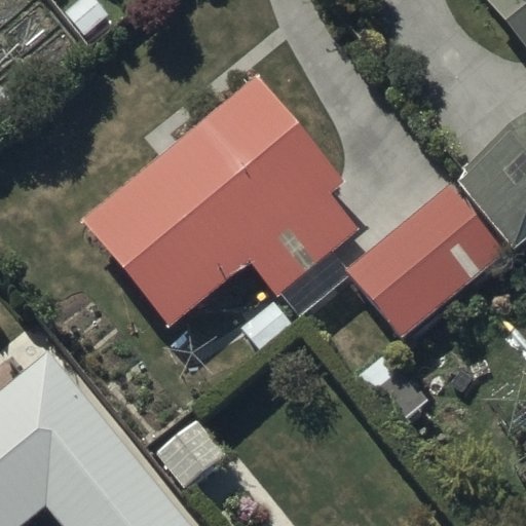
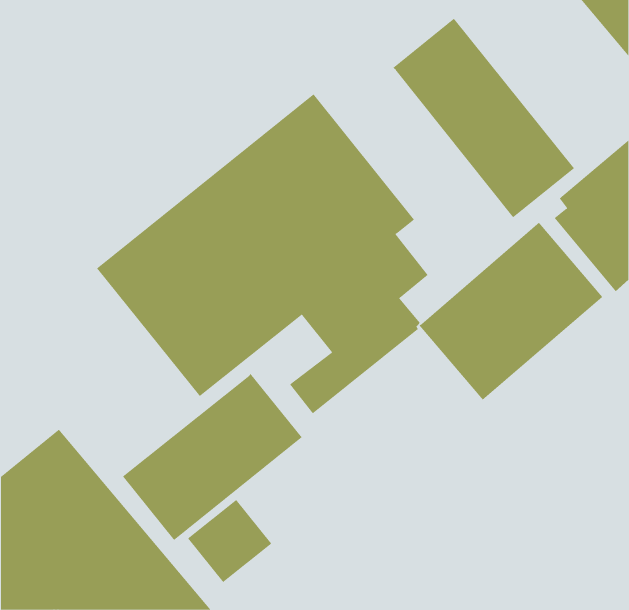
building: none -> [393,18,575,218]
building: none -> [122,373,303,541]

